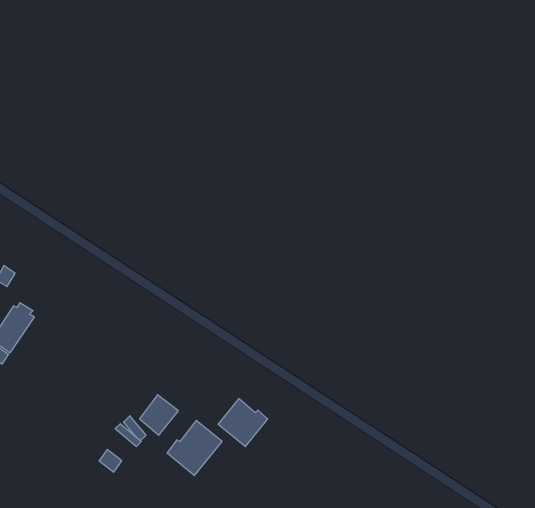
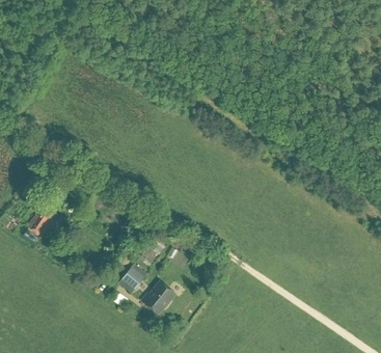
building: [218,399,268,447] -> none

